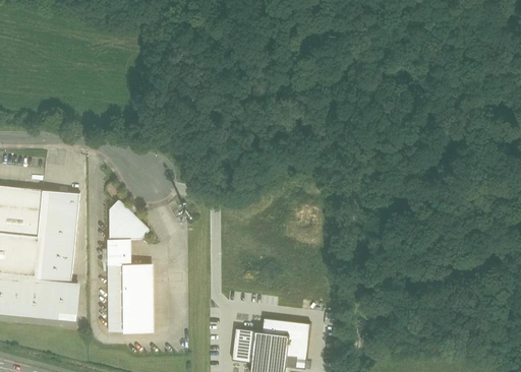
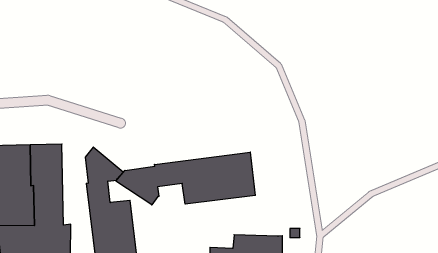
building: none -> [116,152,255,205]

